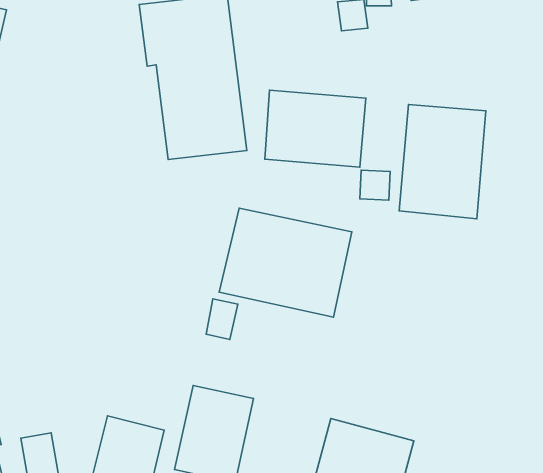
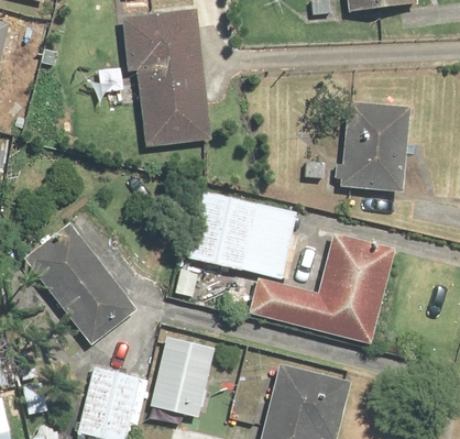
building: [265,90,366,167] -> none
building: none -> [22,218,140,347]
building: none -> [249,234,395,347]

